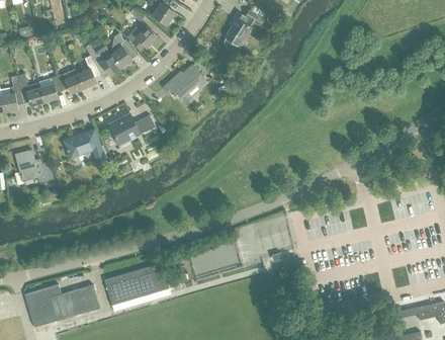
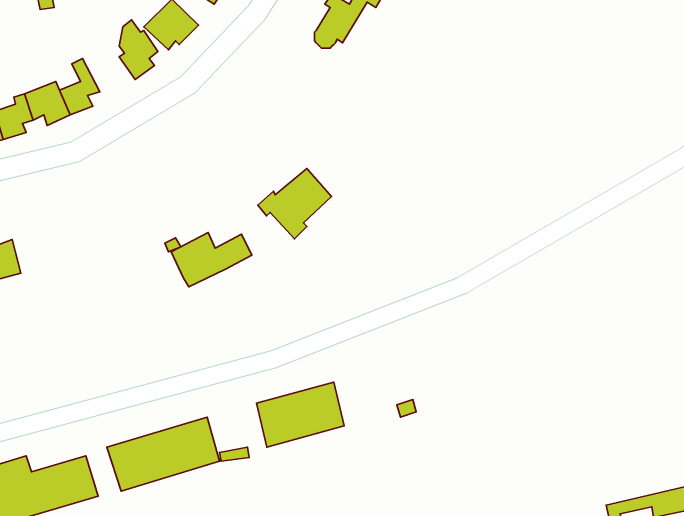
building: [82,39,120,76] -> none
building: [164,66,206,106] -> [258,168,332,239]
building: [108,113,155,145] -> [171,232,252,287]
building: [64,132,104,162] -> none

